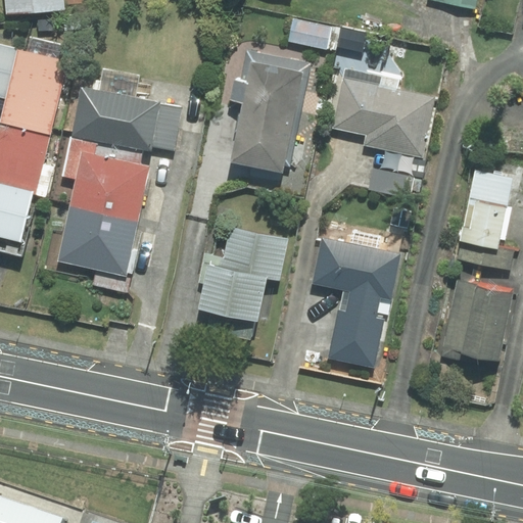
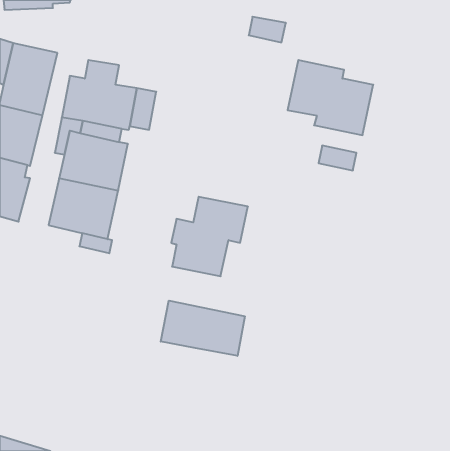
building: [230,53,308,173] -> none
building: [460,171,511,249] -> none
building: [312,238,399,367] -> none
building: [441,280,512,362] -> none
building: none -> [161,301,245,356]

